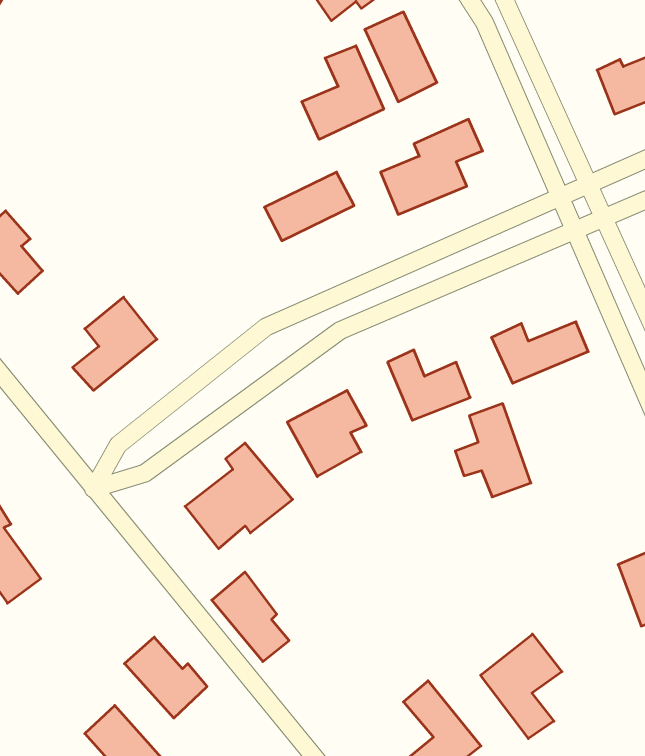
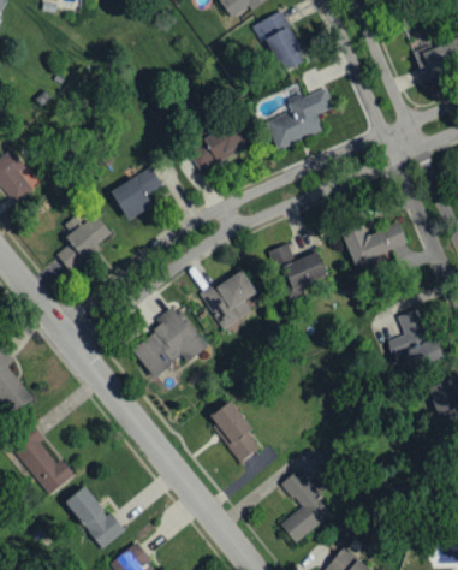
building: [302,46,384,139] -> none
building: none -> [111,167,163,221]
building: [455,404,531,497] -> [388,308,440,372]
building: [212,572,289,662] -> [208,400,261,462]
building: [481,634,562,739] -> none
building: [124,637,207,718] -> [18,441,75,497]

